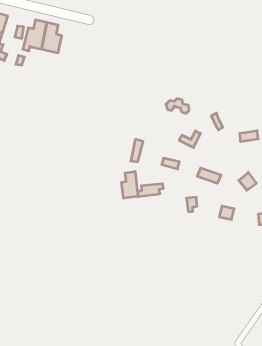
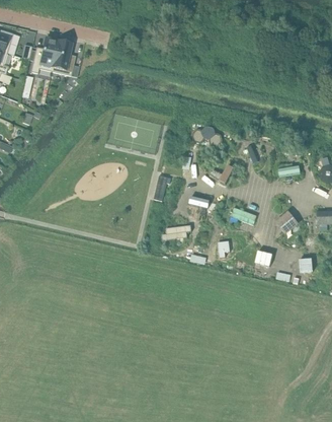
building: [122,171,138,198] -> none

